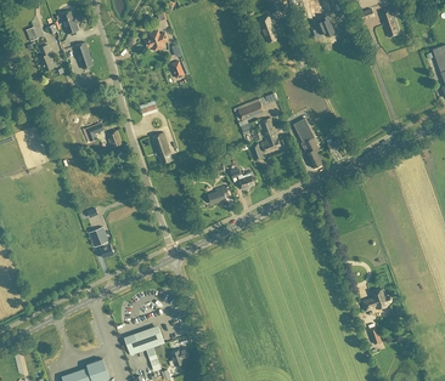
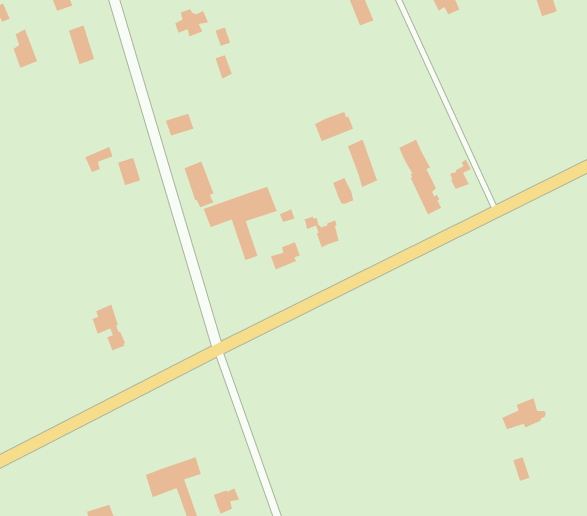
building: none -> [202,186,278,261]

